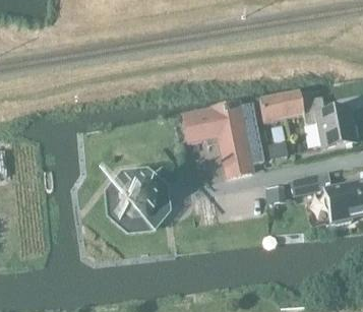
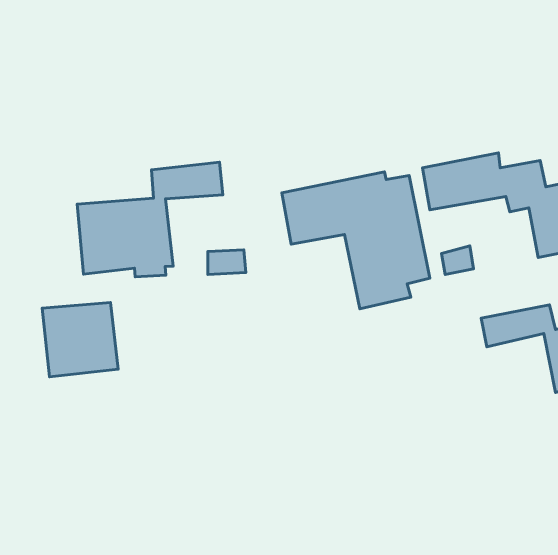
building: none -> [77,162,223,277]
building: [118,180,159,220] -> [42,303,118,377]

